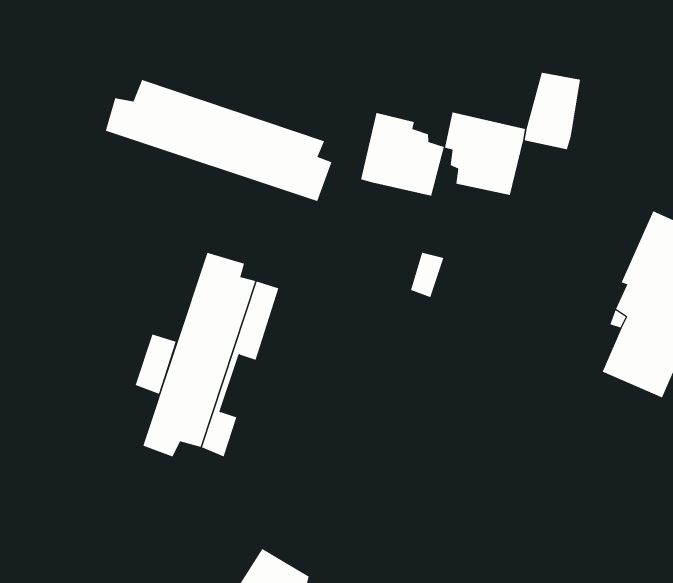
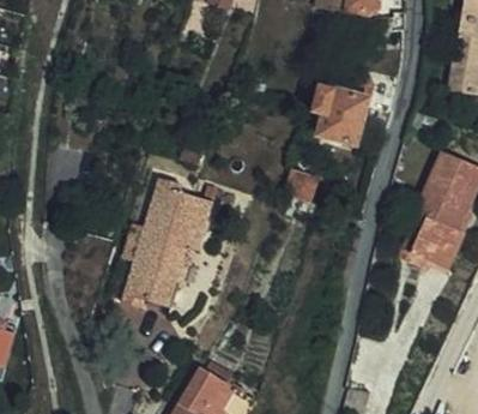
building: [105,79,332,202] -> none
building: [361,112,444,196] -> none

